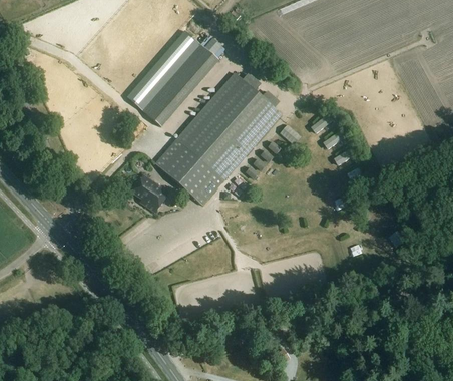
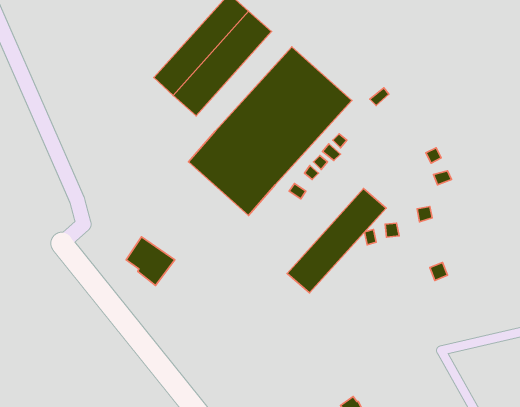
building: [130,174,168,213] -> [126,237,175,285]
building: none -> [287,189,386,293]

